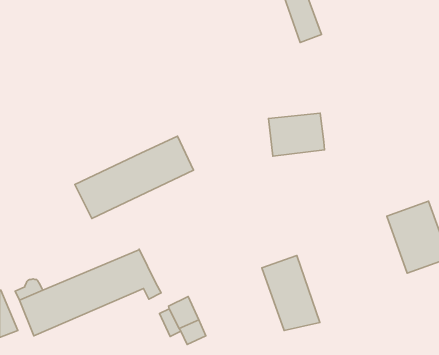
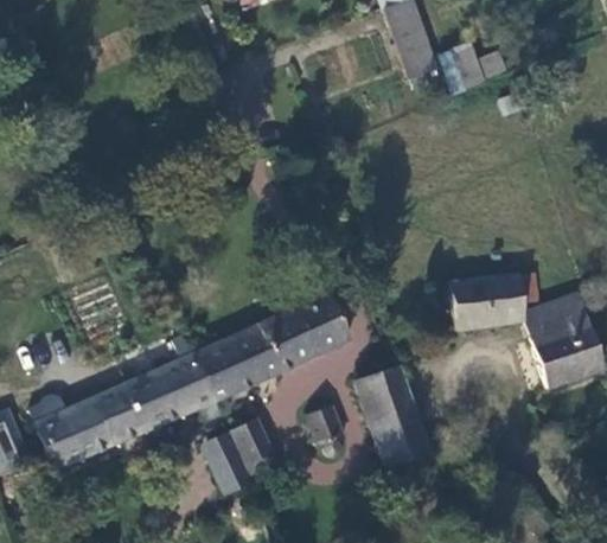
building: none -> [441,40,510,91]
building: [268,113,325,156] -> [447,274,522,331]
building: [75,136,193,218] -> [191,292,349,401]
building: none -> [308,404,345,456]

